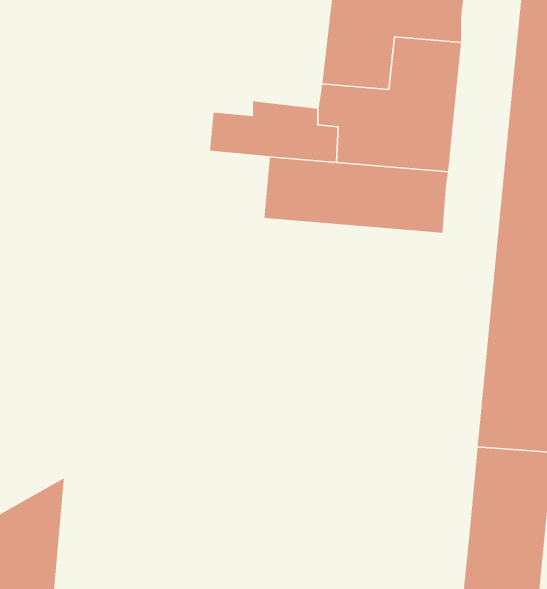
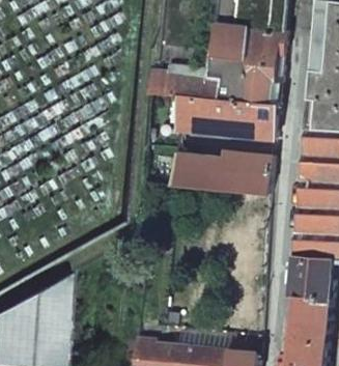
building: none -> [170,151,273,195]

